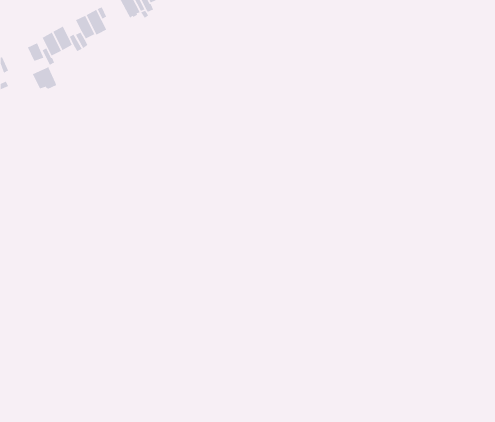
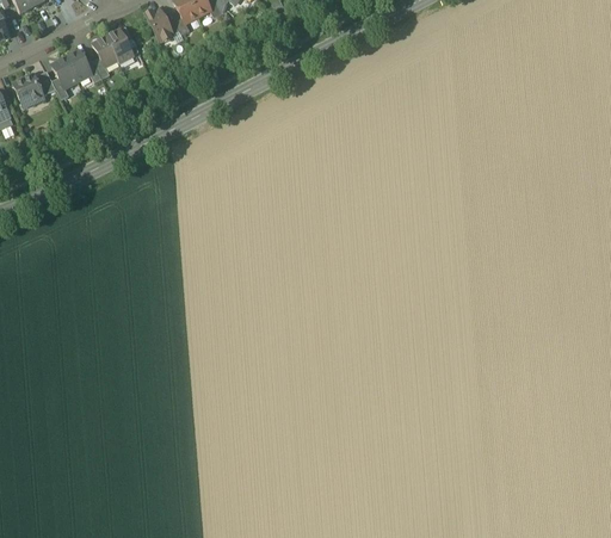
building: [32,66,57,89] -> [12,74,43,103]

